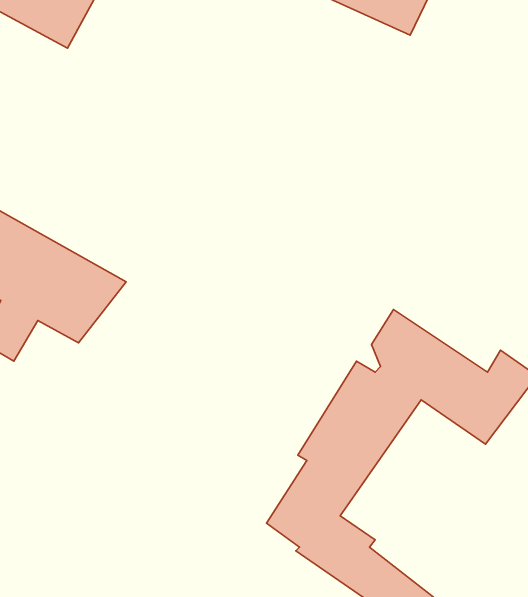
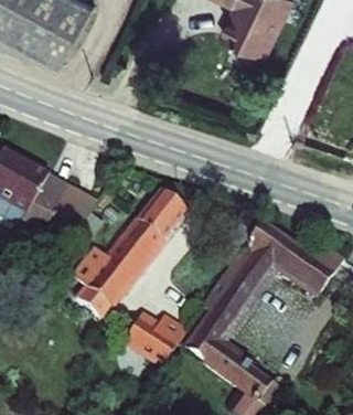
building: none -> [68,188,188,323]
building: none -> [120,312,188,371]

